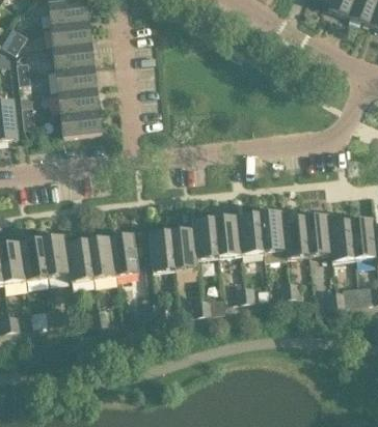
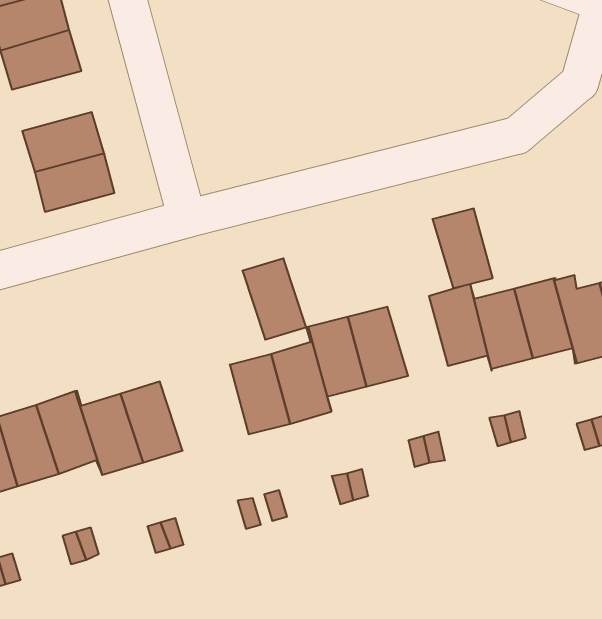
building: [55,64,96,91] -> none
building: [236,212,263,253] -> [432,209,493,288]
building: [109,232,138,274] -> [242,258,306,340]

